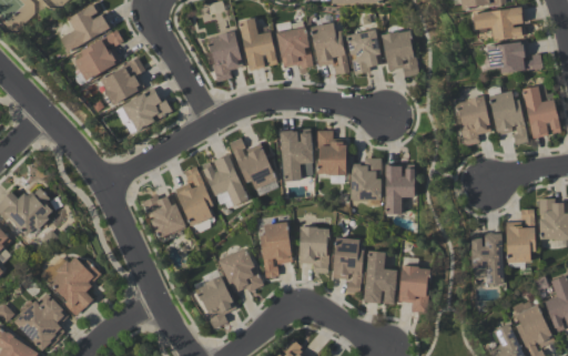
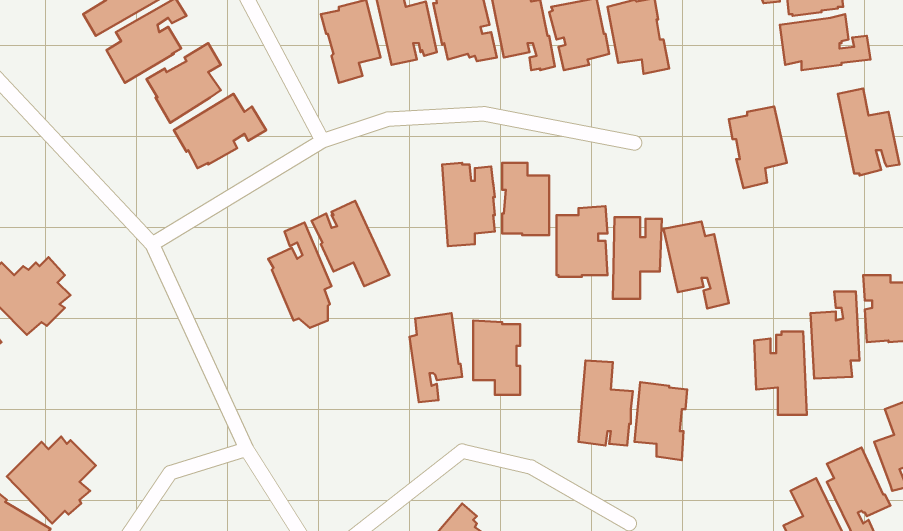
building: [488,91,528,144] -> [663,222,729,309]
building: [229,136,277,190] -> none
building: [142,193,186,238] -> none
building: [332,237,364,292] -> none
building: [217,247,263,292] -> none
building: [50,257,101,316] -> none
building: [195,276,236,328] -> none

